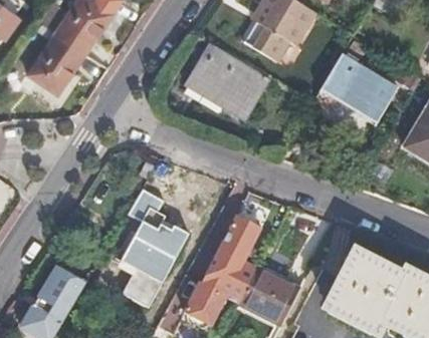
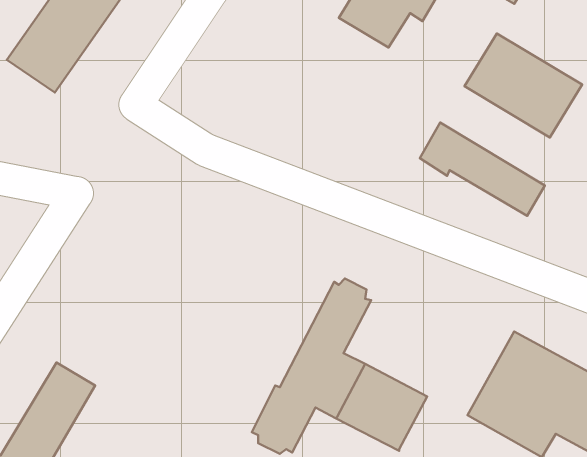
building: [186,47,271,120] -> none
building: none -> [420,122,545,216]
building: [119,190,189,308] -> none

